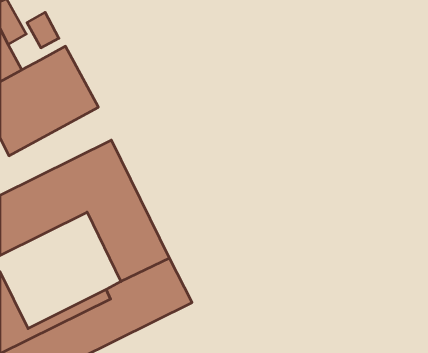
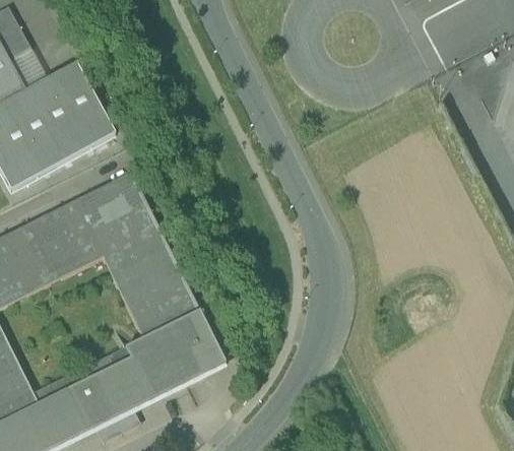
building: [27,12,59,48] -> [10,49,48,90]

